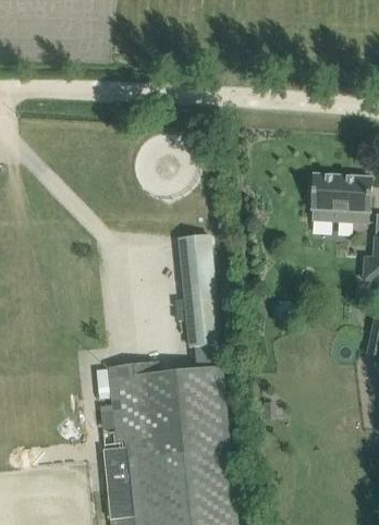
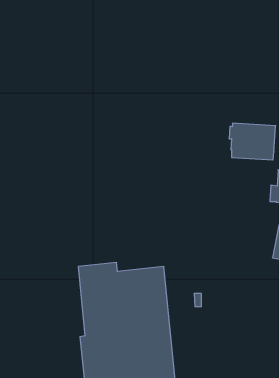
building: [176,234,219,346] -> none

